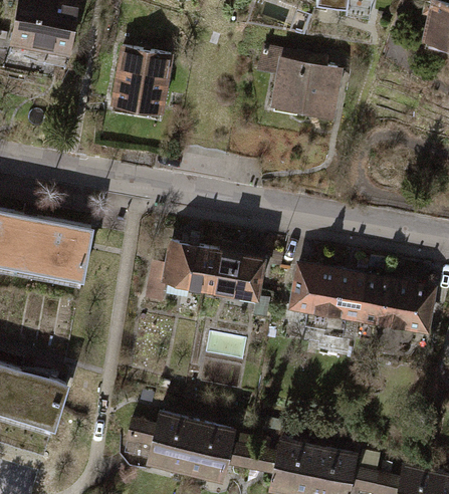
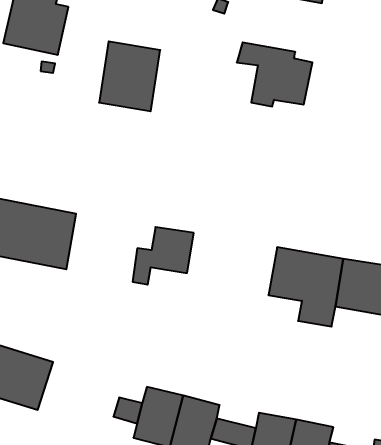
building: [203,248,270,321] -> none

